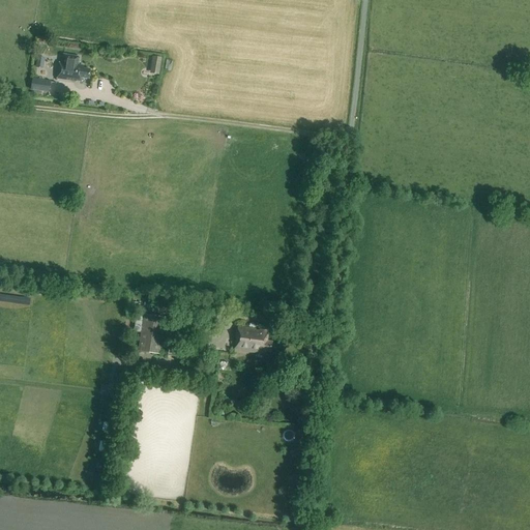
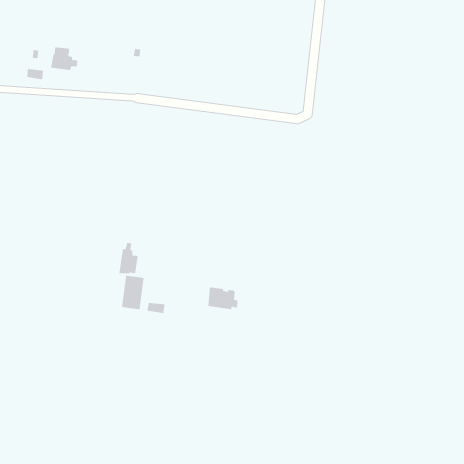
building: none -> [119,242,139,274]

